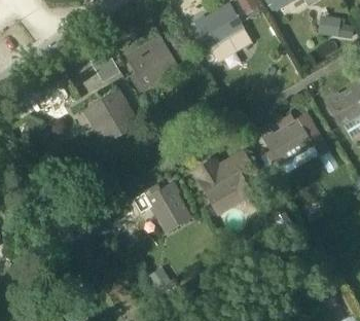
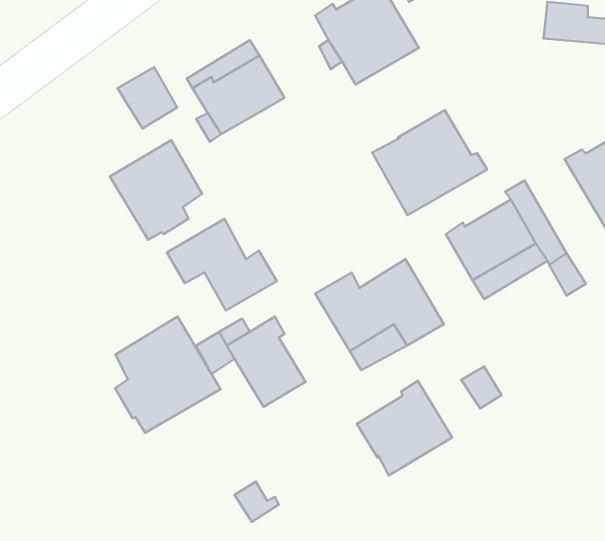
building: none -> [372,110,487,215]
building: none -> [167,219,277,311]
building: none -> [115,316,221,433]
building: none -> [357,381,452,476]

